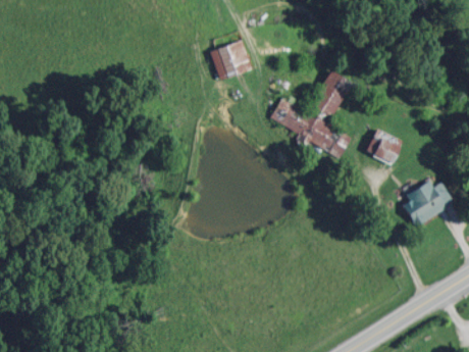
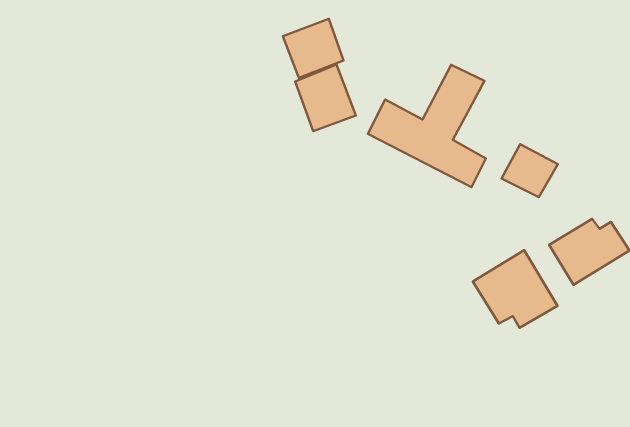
building: none -> [295,64,356,131]
building: none -> [473,250,558,328]

